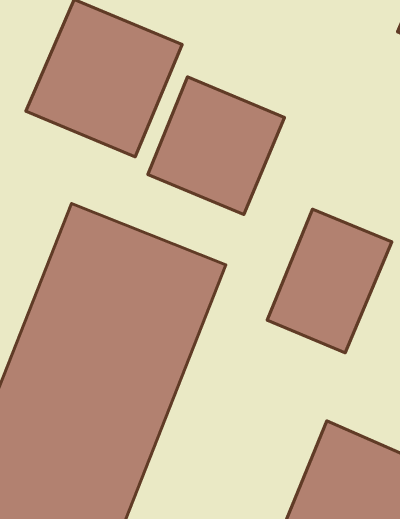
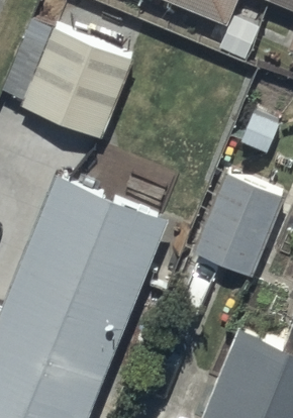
building: [148,77,284,214] -> none

